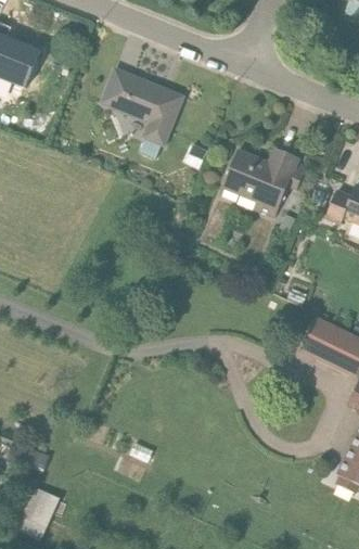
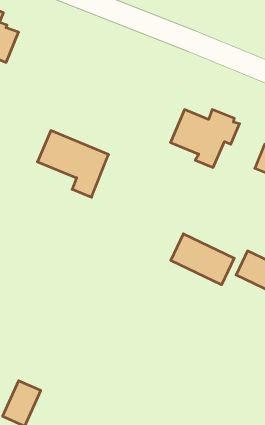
building: [98,65,184,146] -> [37,131,109,197]
building: none -> [171,234,234,285]

